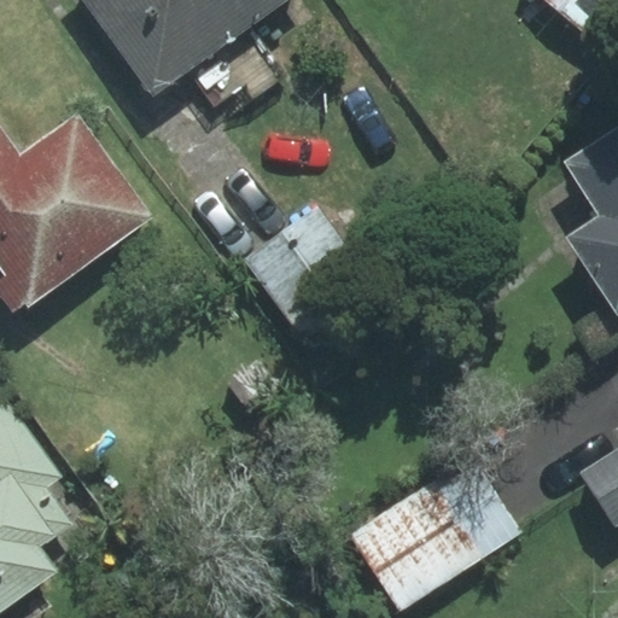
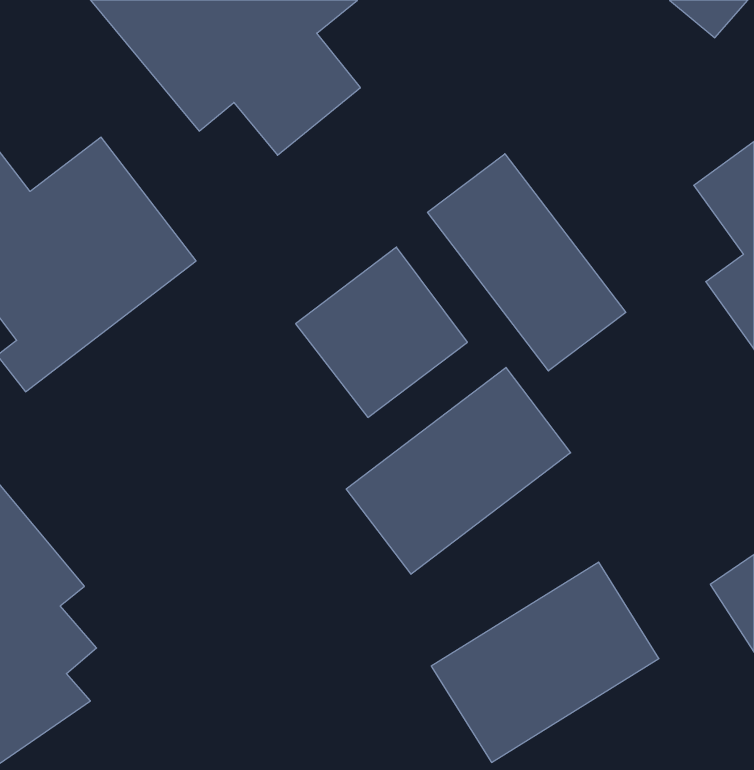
building: none -> [428,154,626,371]
building: none -> [346,367,571,574]

